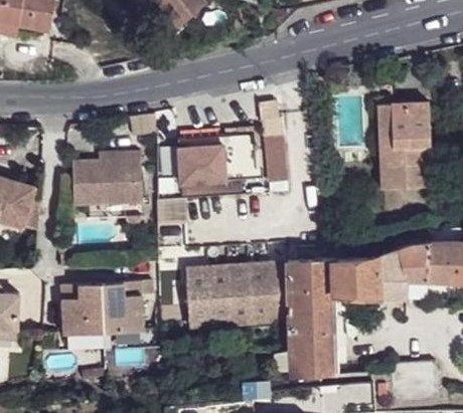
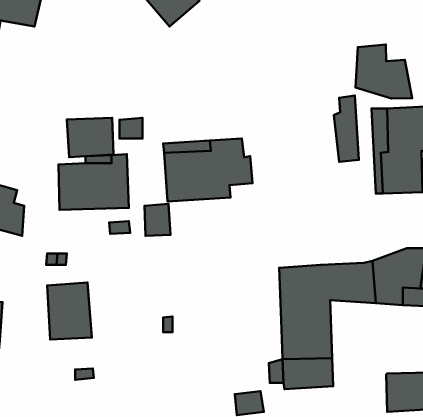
building: none -> [355,44,412,99]
building: none -> [67,118,113,157]
building: [264,119,288,183] -> [334,96,359,162]
building: [185,262,288,327] -> none
building: [100,273,143,330] -> none

